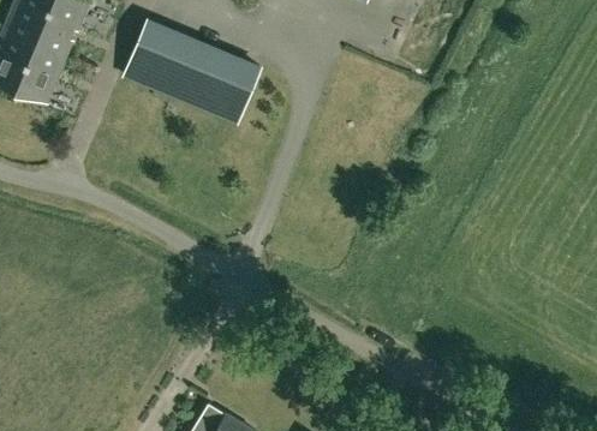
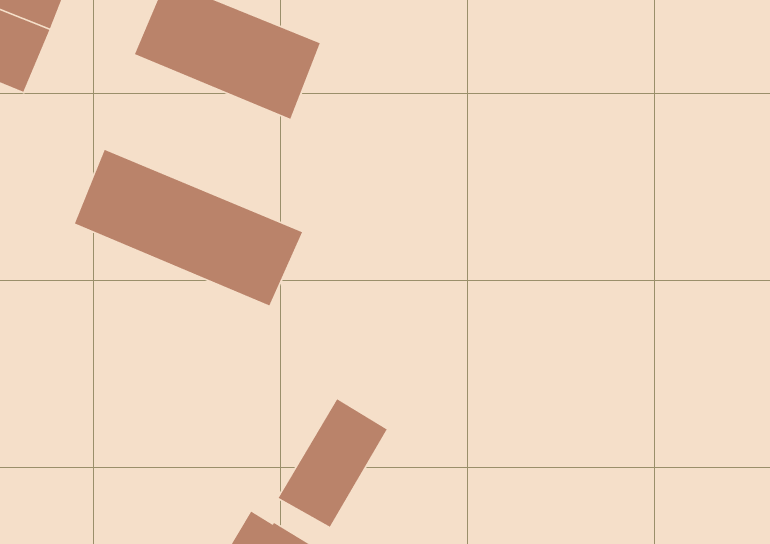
building: none -> [74,149,303,306]
building: none -> [277,398,388,528]

